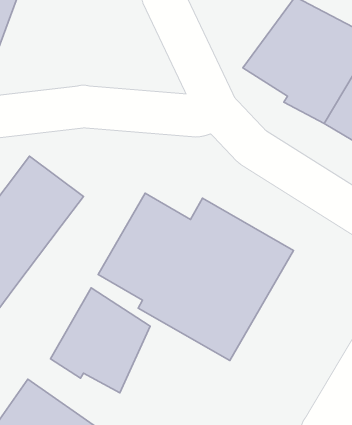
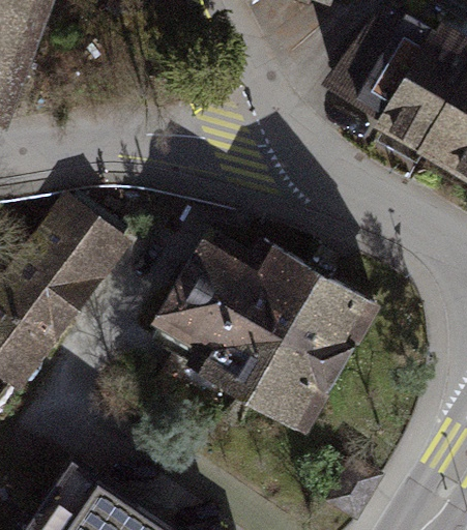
building: [51,288,150,393] -> none

